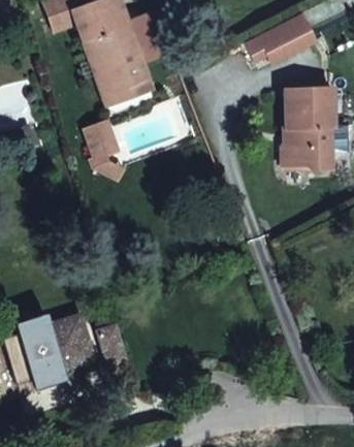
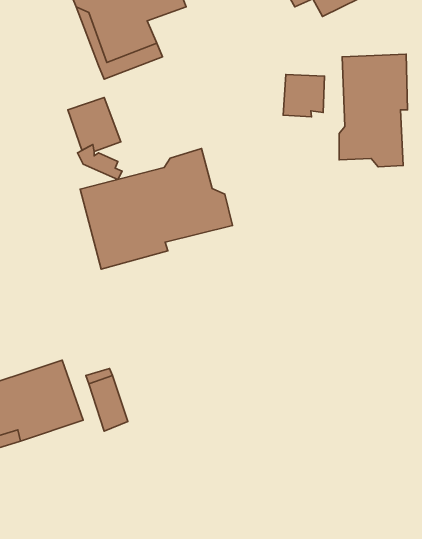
building: none -> [283,75,324,117]
building: none -> [80,149,233,269]

